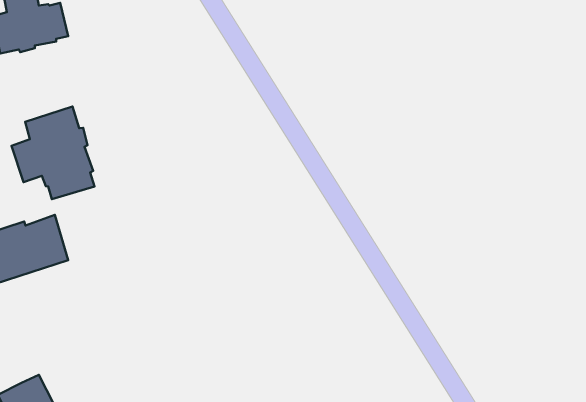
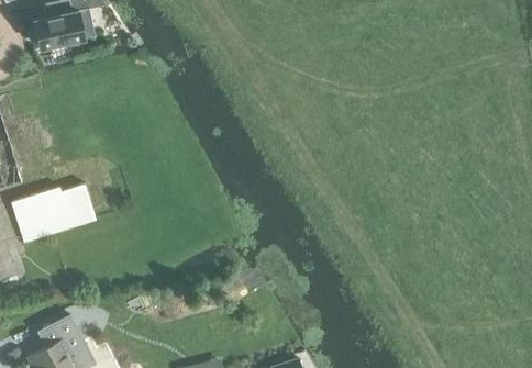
building: [11,107,94,199] -> none

